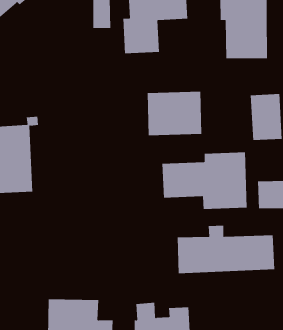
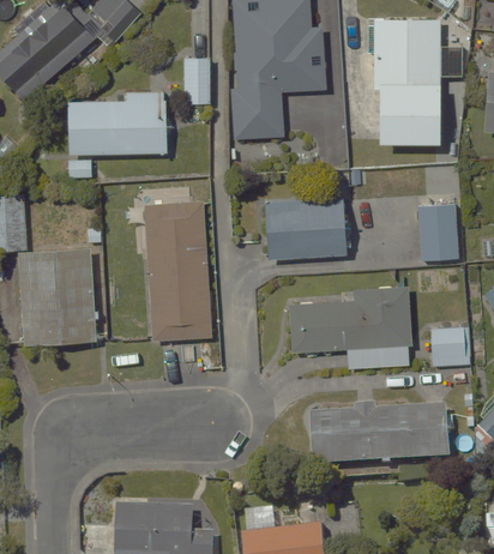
building: none -> [65,89,170,181]
building: none -> [143,200,213,342]

